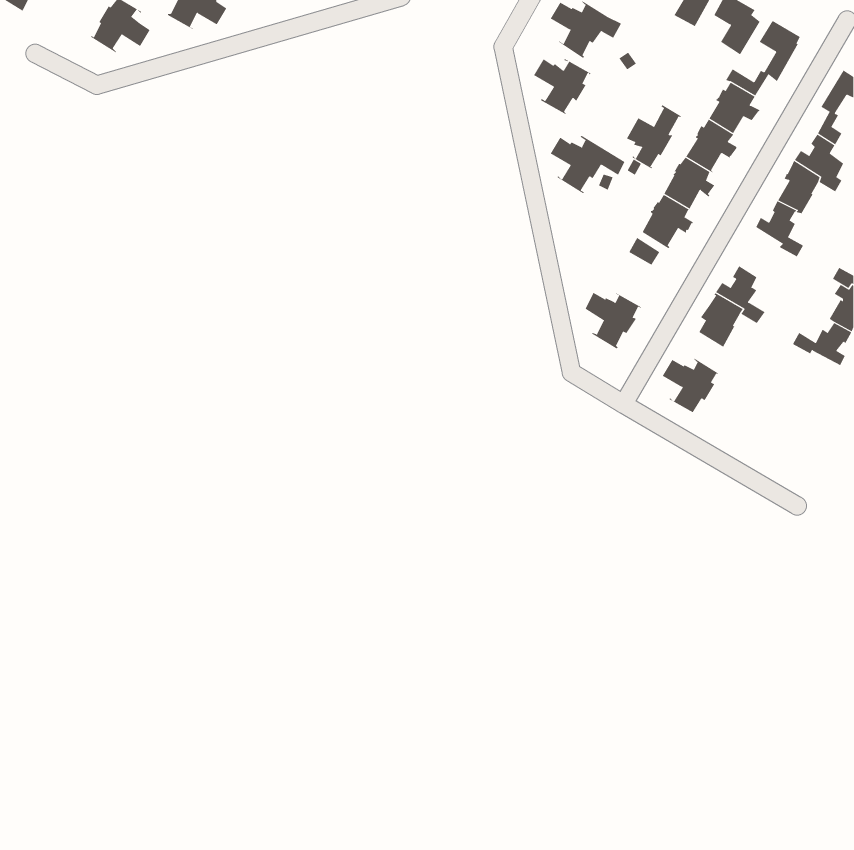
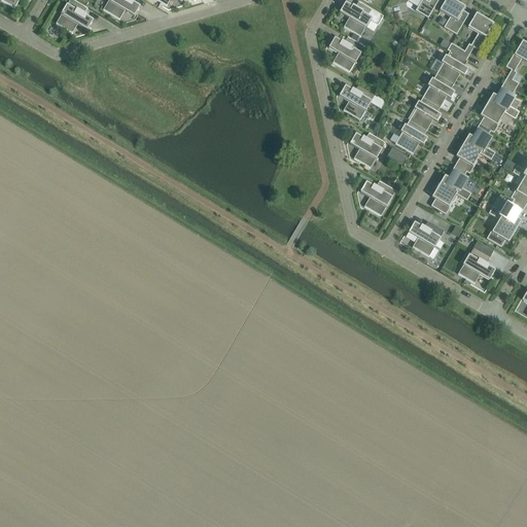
building: [626,104,682,170] -> none
building: none -> [349,132,385,167]
building: none -> [455,140,482,173]
building: none -> [486,216,518,246]
building: none -> [458,247,495,283]

